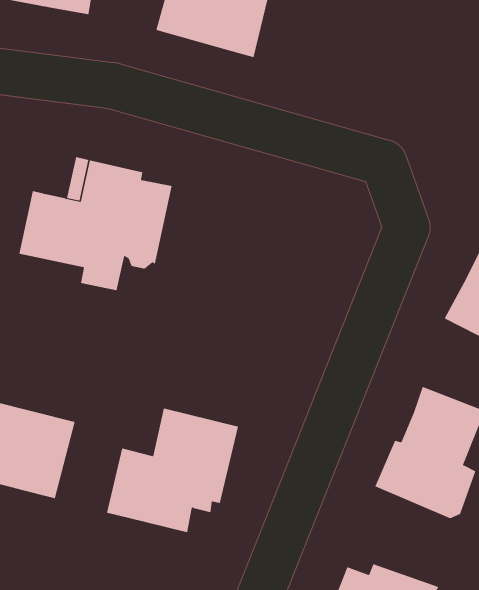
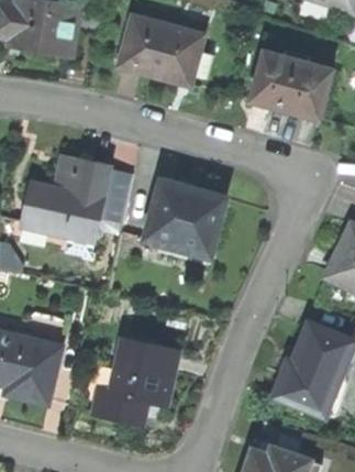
building: none -> [249,51,331,119]
building: none -> [146,182,225,265]

